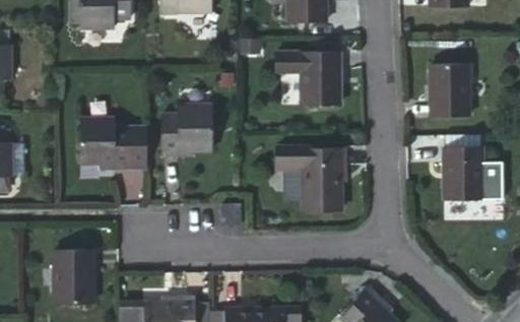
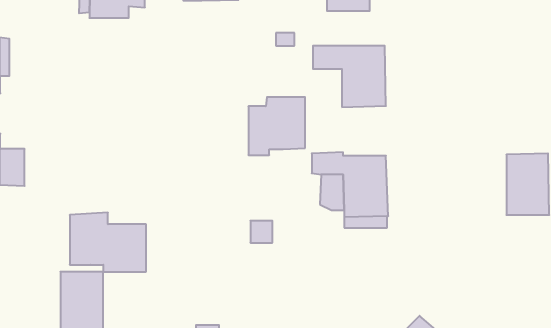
building: [430,63,468,117] -> none
building: [162,105,212,155] -> [248,97,305,155]
building: [80,117,147,169] -> [70,213,146,272]

